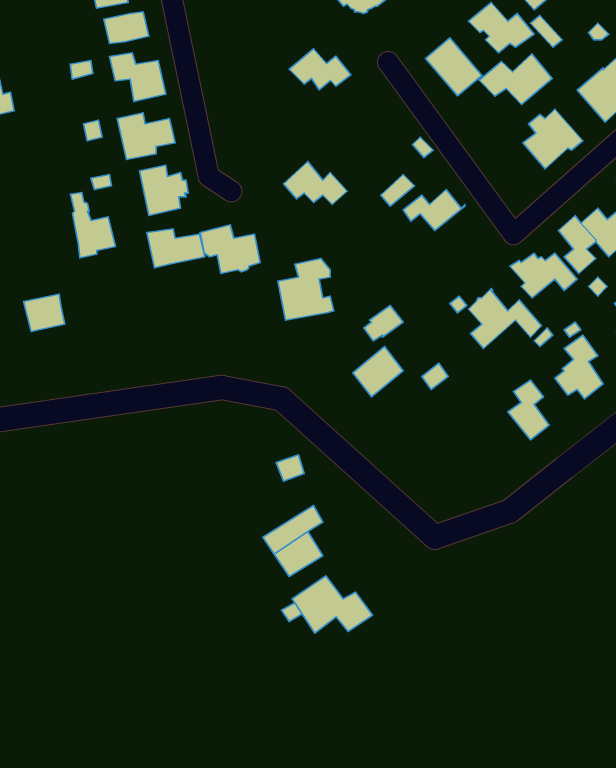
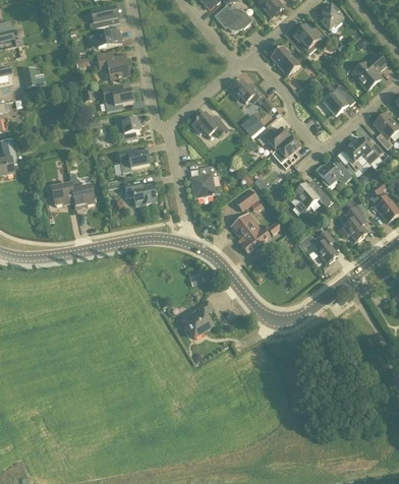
building: [289,49,351,90] -> [228,80,262,103]
building: [479,54,552,105] -> none
building: [71,192,116,258] -> [68,173,93,208]
building: none -> [274,136,299,168]
building: [200,225,260,274] -> [123,179,156,205]
building: none -> [239,226,269,253]
building: [292,576,373,633] -> none

